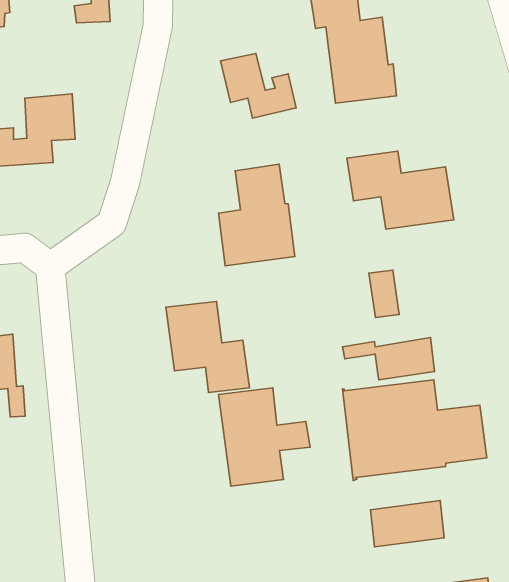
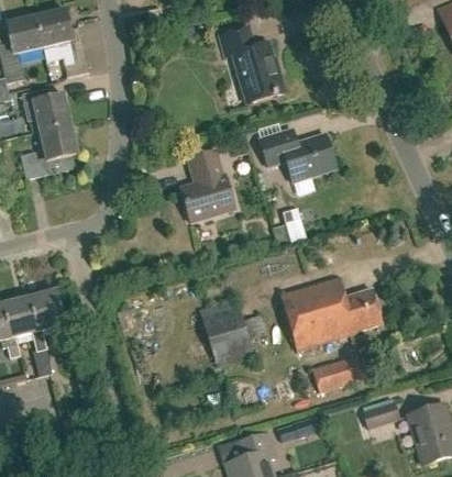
building: none -> [23,89,71,131]
building: [221,53,296,118] -> none
building: [166,302,249,393] -> none
building: [343,338,434,380] -> none

